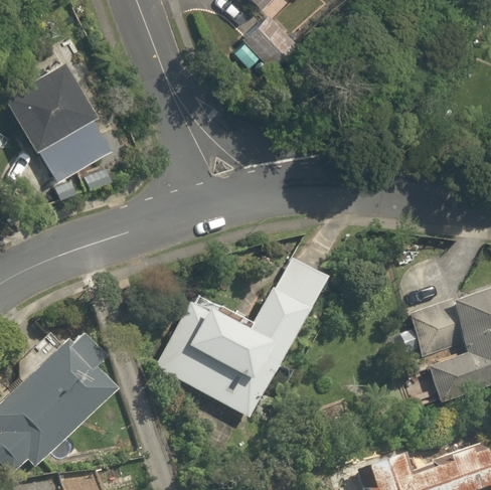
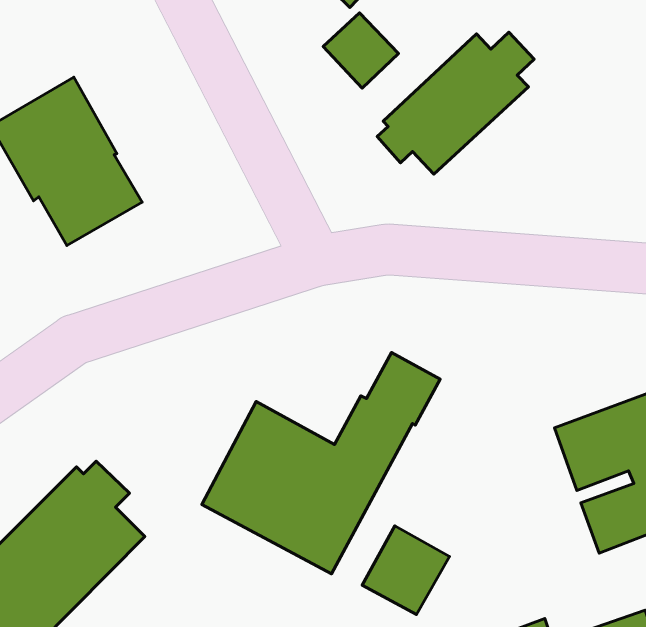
building: none -> [377,32,534,174]
building: none -> [362,526,449,614]

